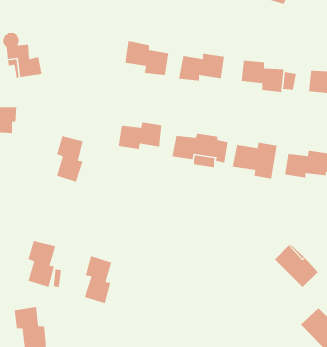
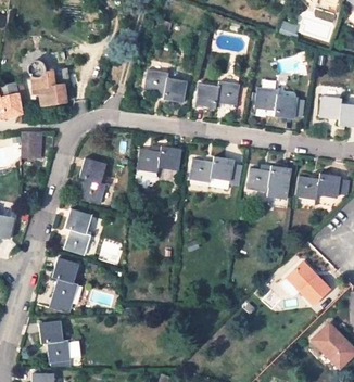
building: [84,255,112,304] -> [64,208,91,255]

